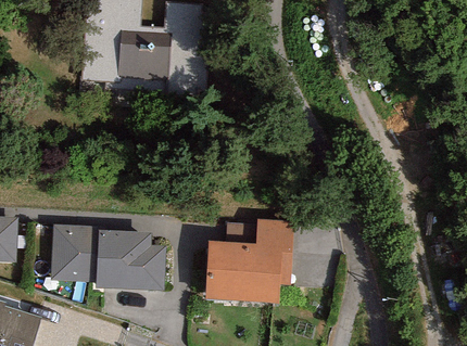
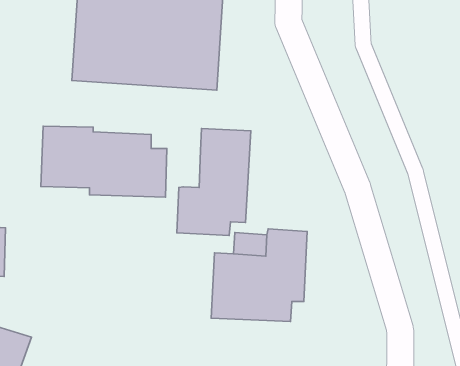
building: none -> [177,129,251,235]
building: [49,225,164,290] -> [41,126,167,197]

